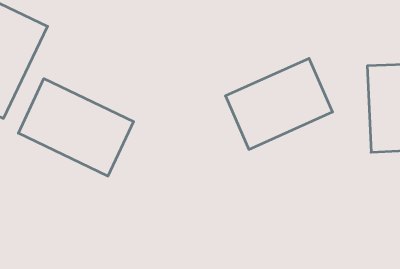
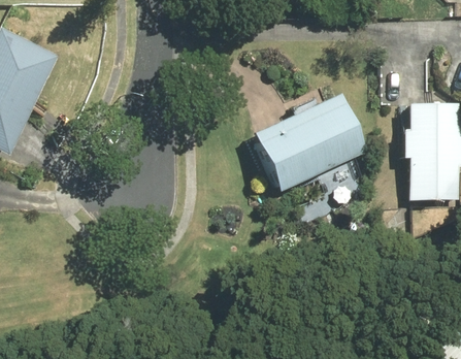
building: [18,79,134,176] -> none

